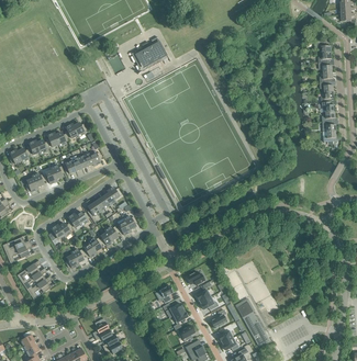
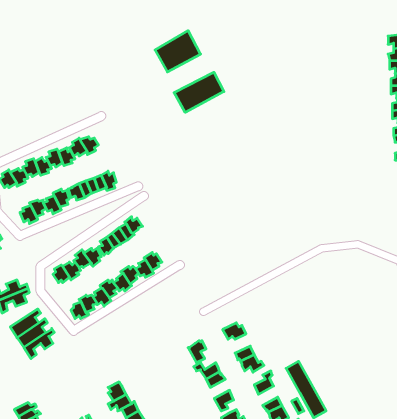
building: none -> [174,72,224,112]

